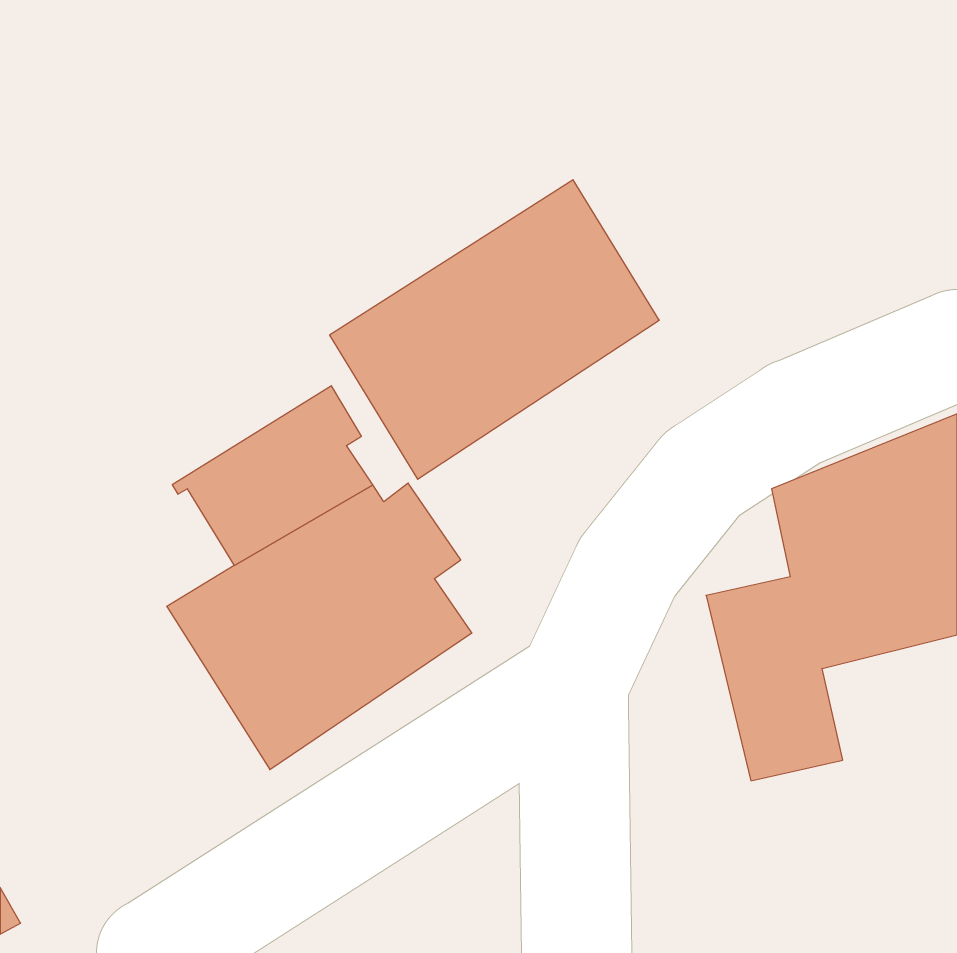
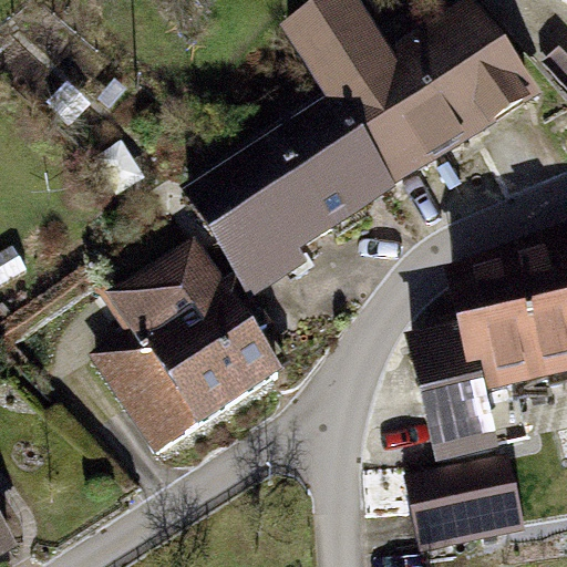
building: none -> [295,7,532,189]
building: none -> [409,458,524,546]

